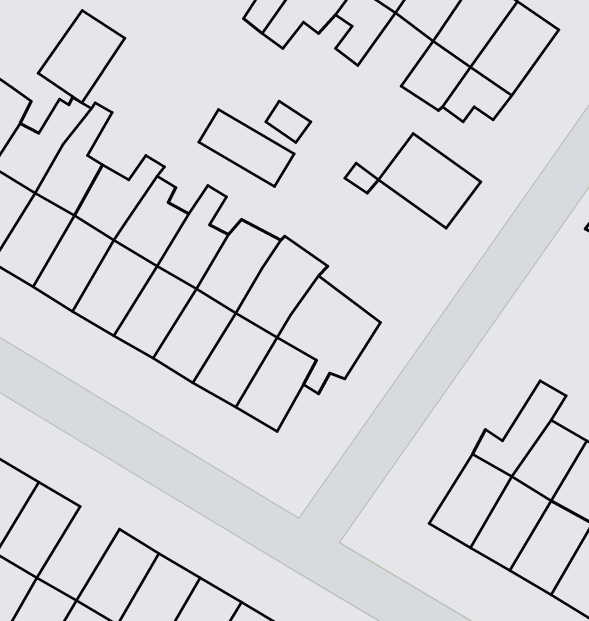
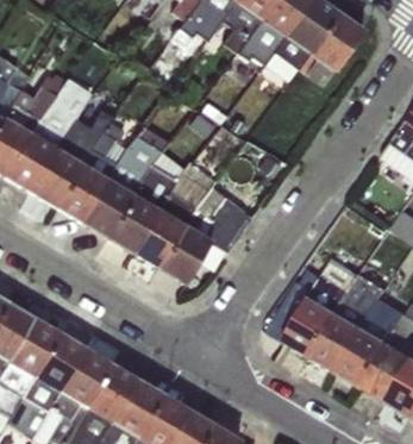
building: [38,10,125,103] -> none
building: none -> [234,18,282,64]
building: [199,109,294,186] -> none
building: [379,133,481,228] -> none
building: none -> [31,331,83,390]

